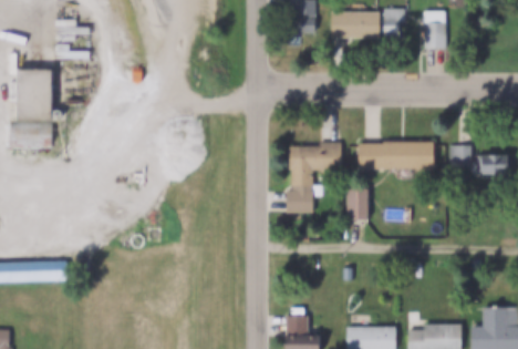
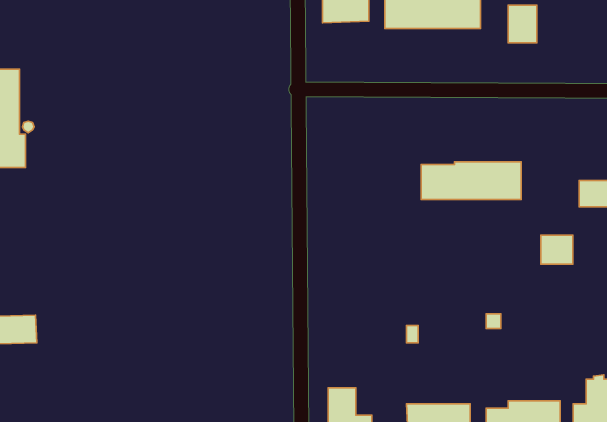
building: [287,142,343,215] -> none
building: [452,144,476,166] -> [541,235,573,264]
building: [345,187,367,223] -> none

